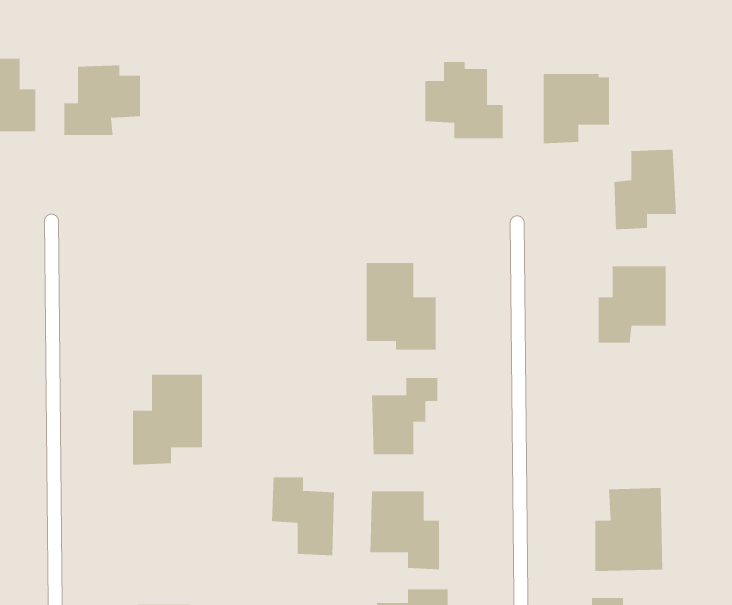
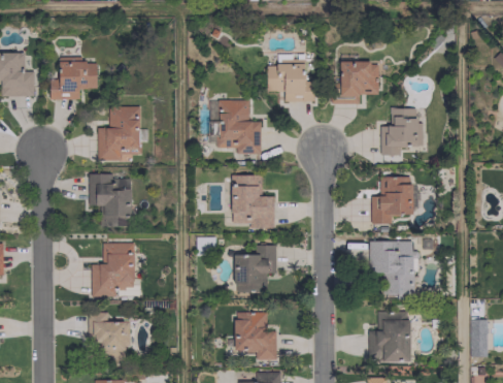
building: none -> [219,100,261,154]
building: none -> [98,107,140,160]
building: none -> [89,173,131,225]
building: none -> [369,241,413,298]
building: [271,477,335,556] -> [88,313,126,360]

